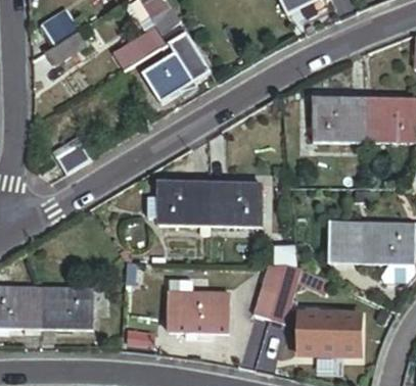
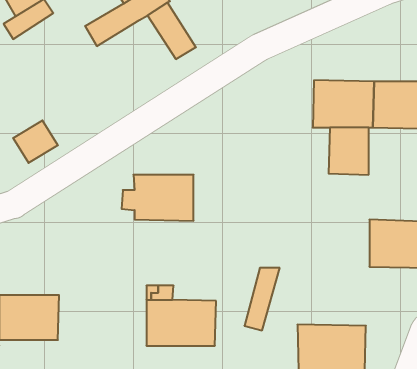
building: [142,45,193,103] -> none
building: [209,183,260,223] -> none
building: [326,222,361,262] -> [329,128,369,175]
building: [268,263,329,322] -> none

